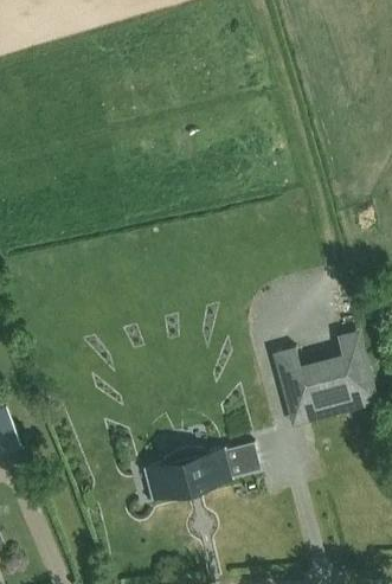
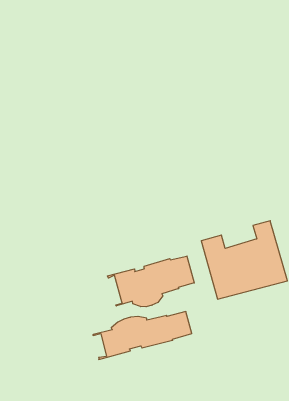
building: none -> [107,256,194,307]

